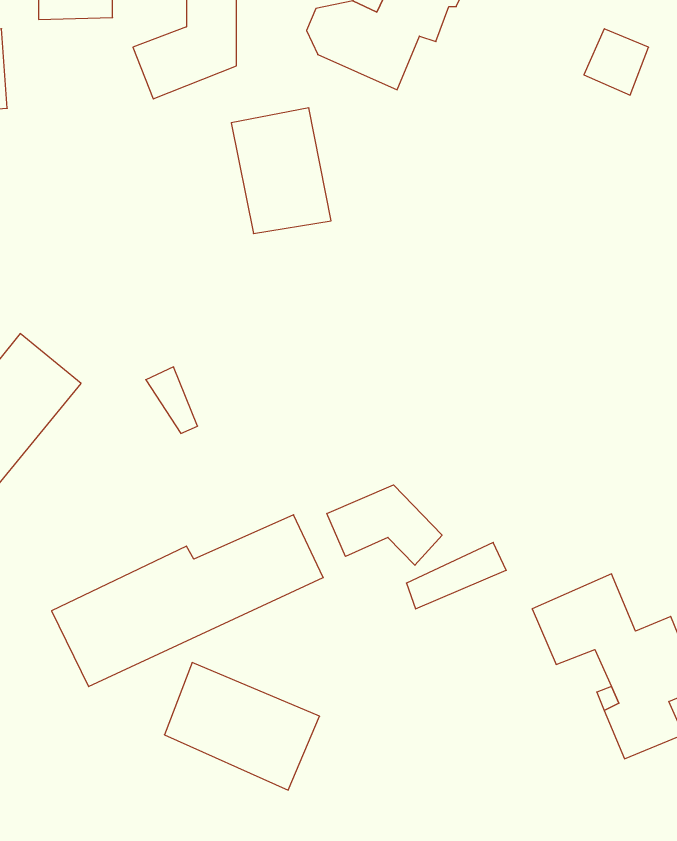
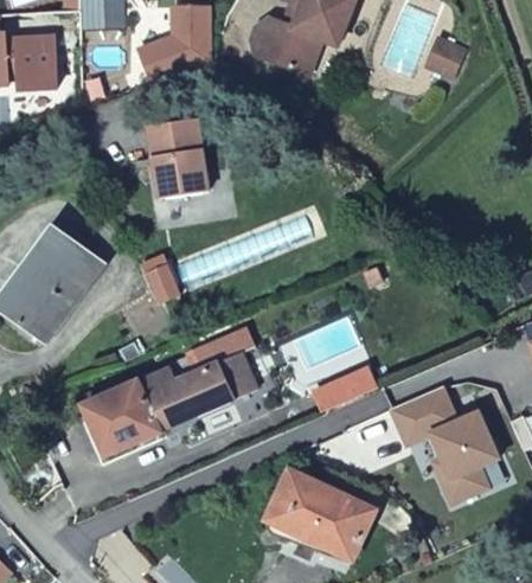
building: [231,108,331,234] -> [145,116,209,197]
building: [327,485,442,565] -> none
building: [164,663,320,790] -> [273,470,372,552]

